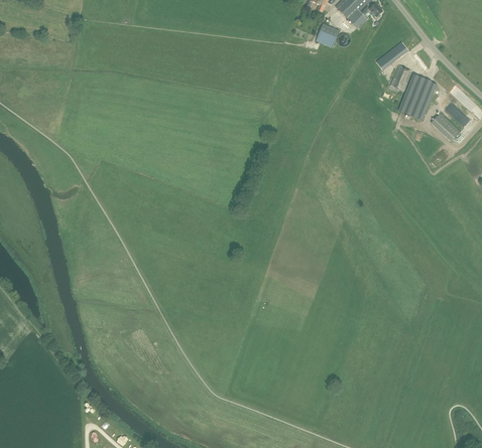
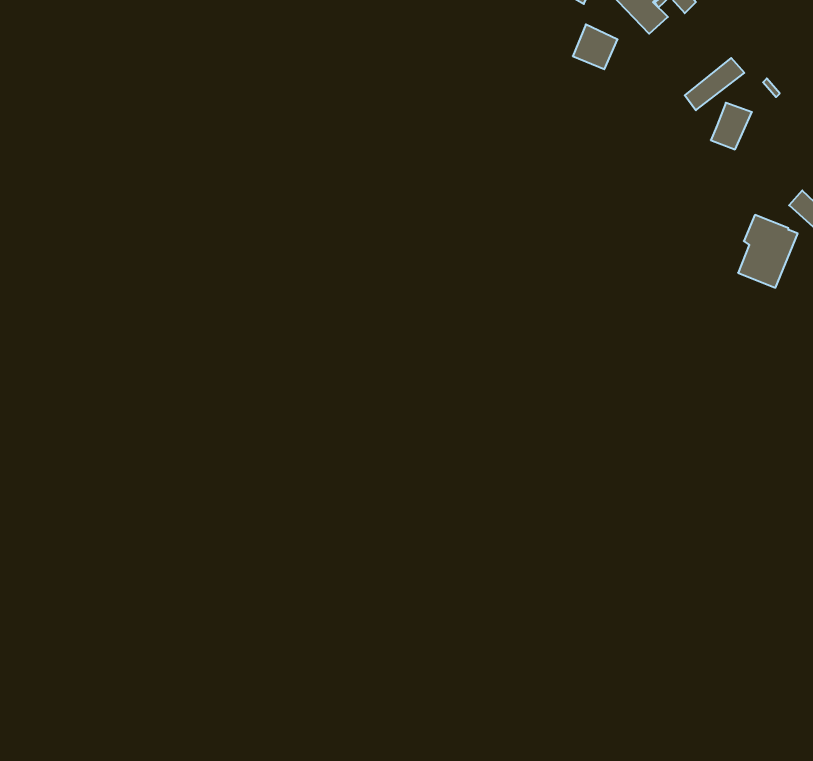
building: [403,73,436,113] -> [738,215,798,288]

